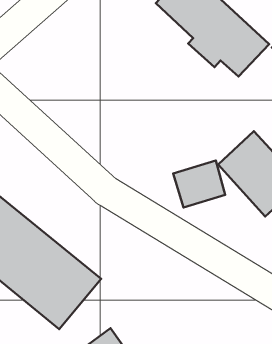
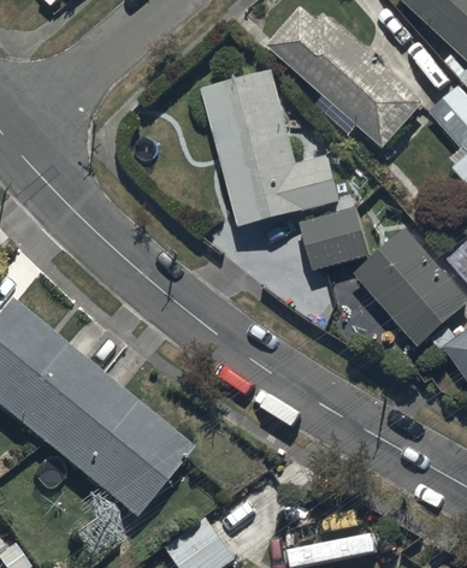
building: none -> [199,72,339,232]
building: [173,161,225,207] -> [295,207,368,273]

